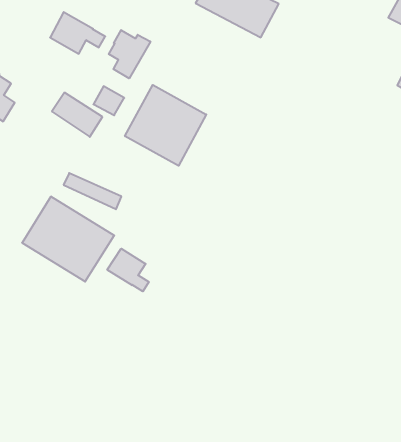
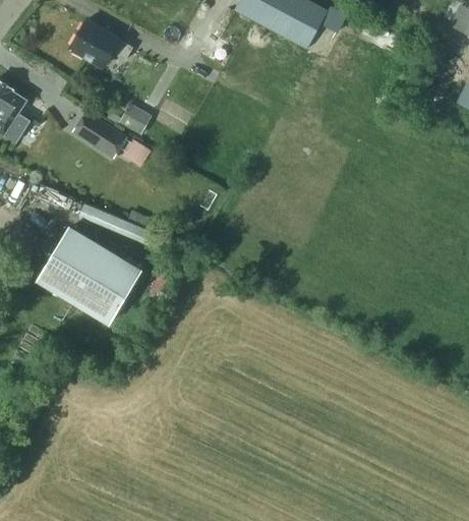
building: [109,30,150,78] -> none
building: [125,85,206,166] -> none
building: [107,249,149,291] -> none

